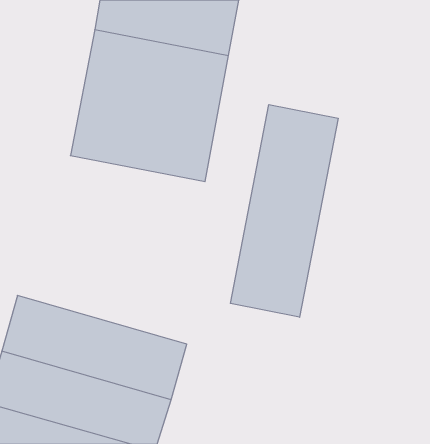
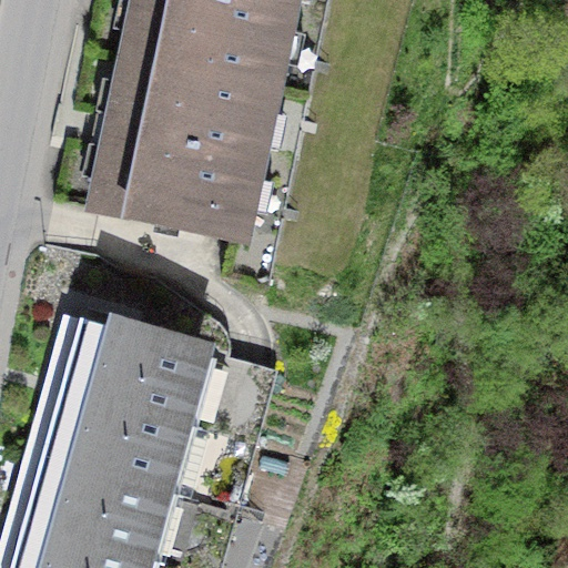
building: [230,105,338,317] -> none
building: none -> [22,308,258,439]

